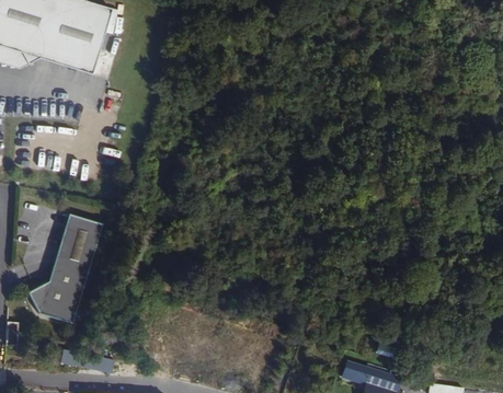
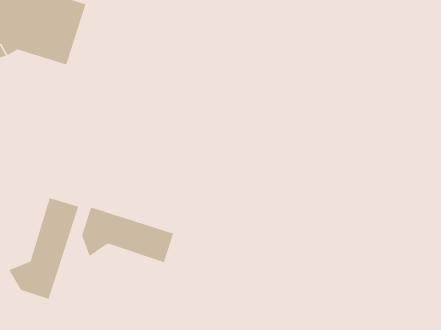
building: none -> [81,206,174,263]

